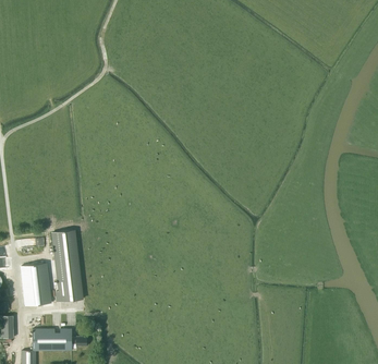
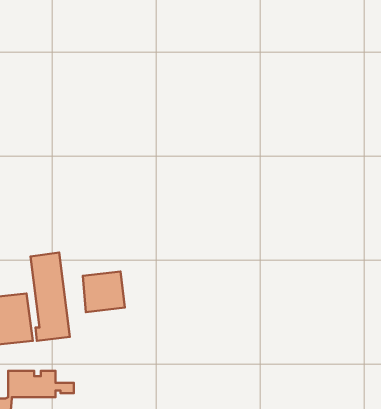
building: none -> [83,272,125,312]

